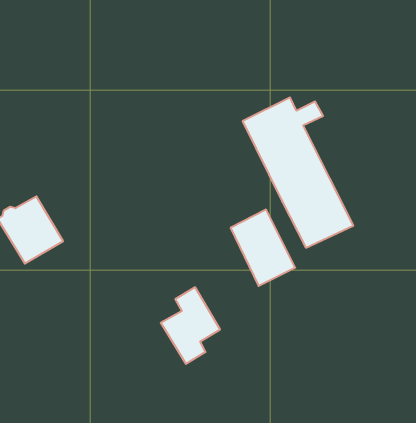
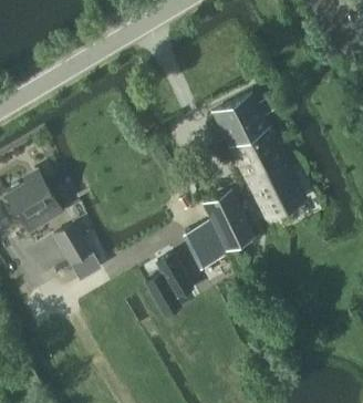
building: none -> [187,221,226,266]
building: none -> [54,224,100,279]

